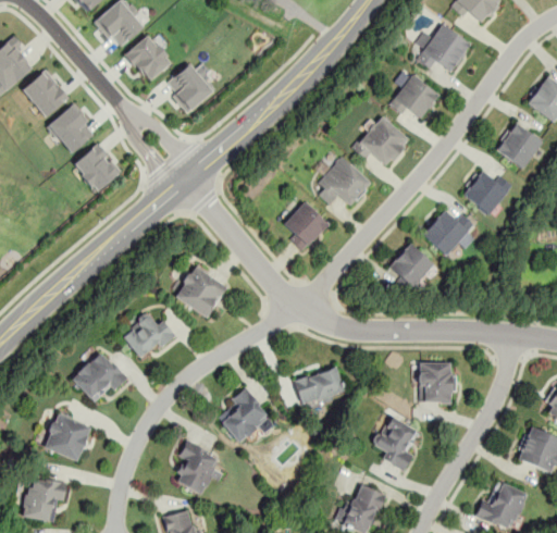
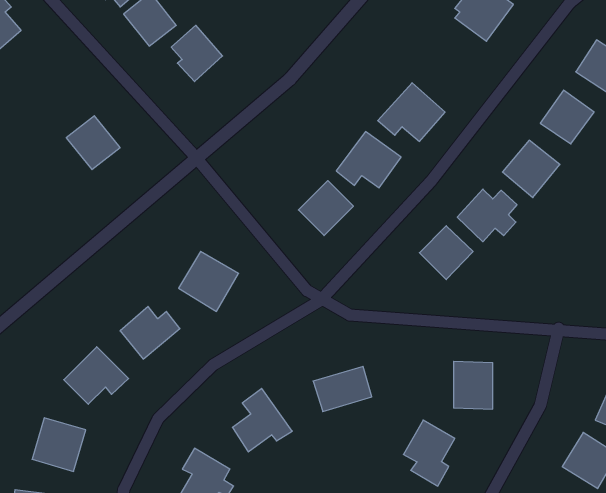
building: [23,70,70,116] -> none
building: [389,73,440,123] -> none
building: [48,103,95,153] -> none

